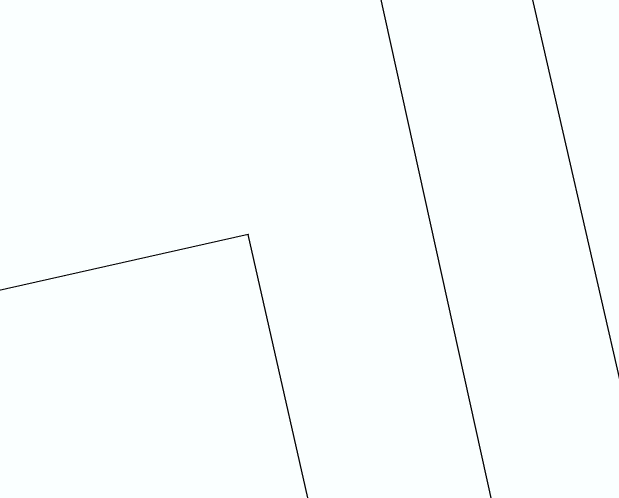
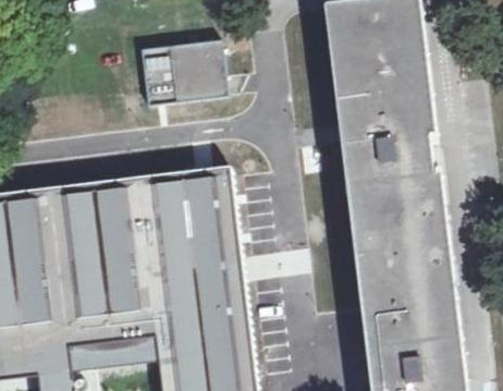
building: none -> [137,36,226,103]

